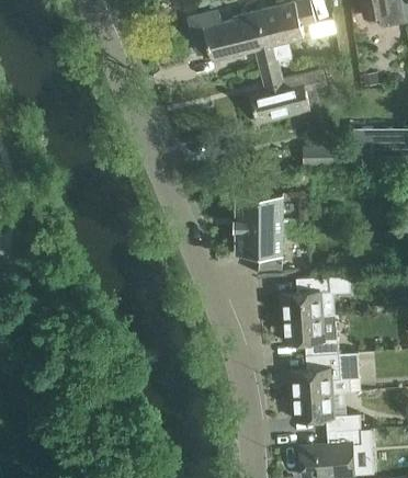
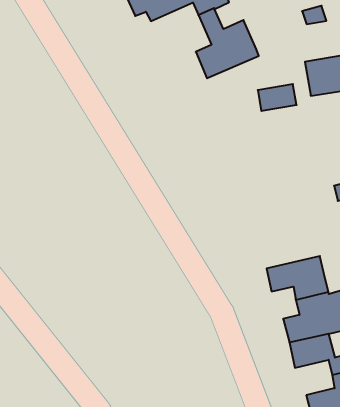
building: [234,195,293,273] -> none
building: [280,276,336,319] -> none

